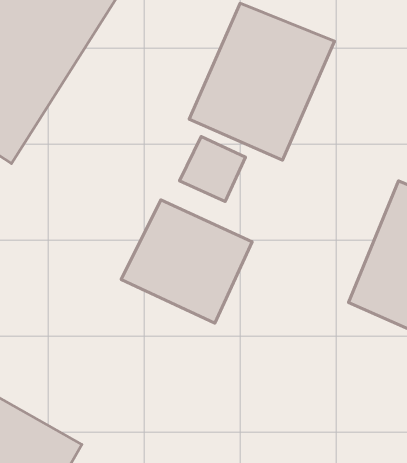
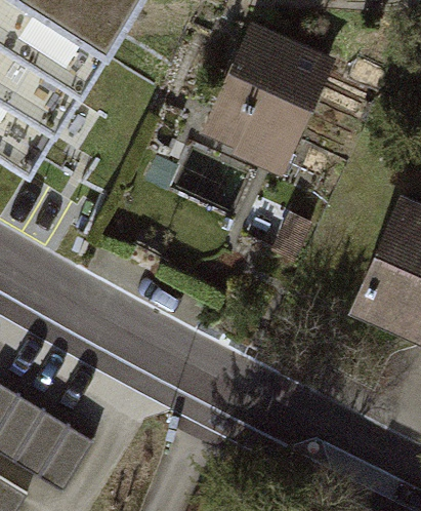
building: [121,200,252,323] -> none

